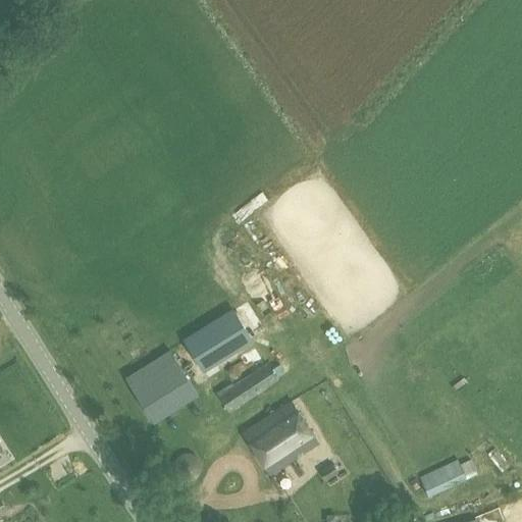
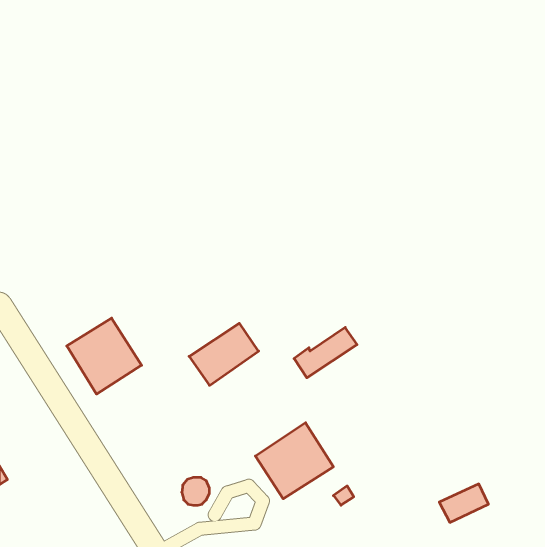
building: [125,350,197,422] -> [67,318,142,394]
building: [217,364,277,412] -> [294,327,357,378]

